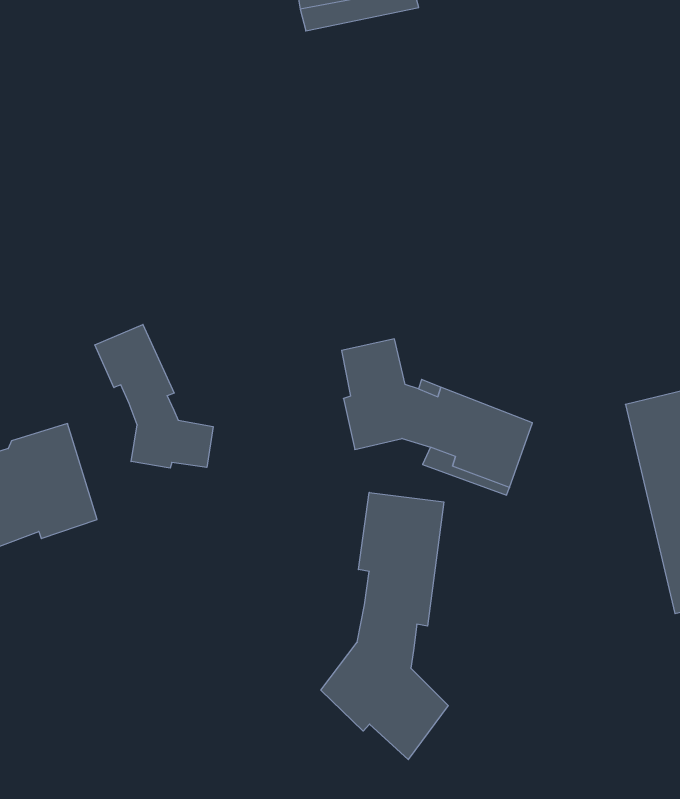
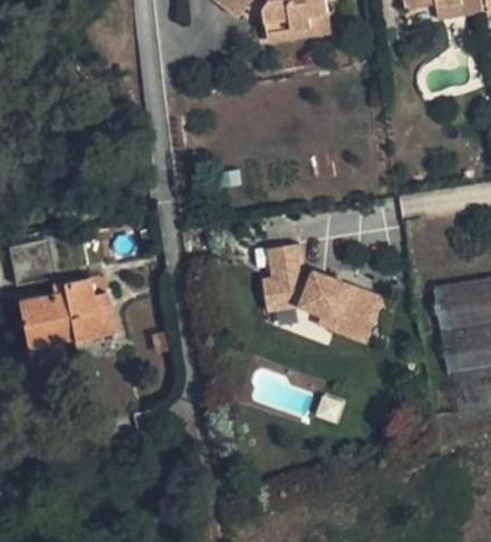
building: [95,324,213,468] -> none
building: [321,492,448,760] -> none

